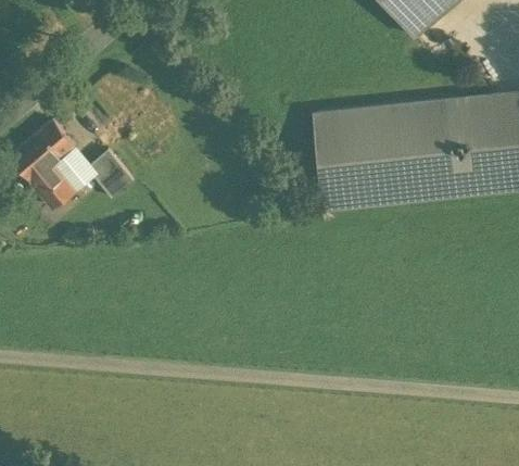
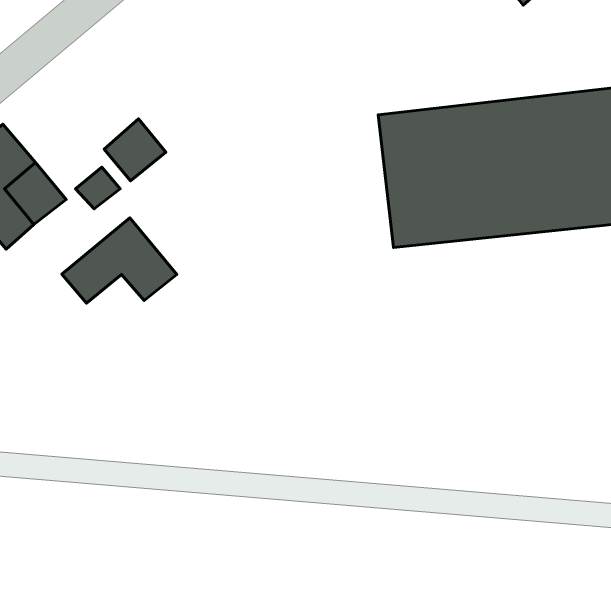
building: none -> [104,119,166,181]
building: none -> [62,218,177,303]

